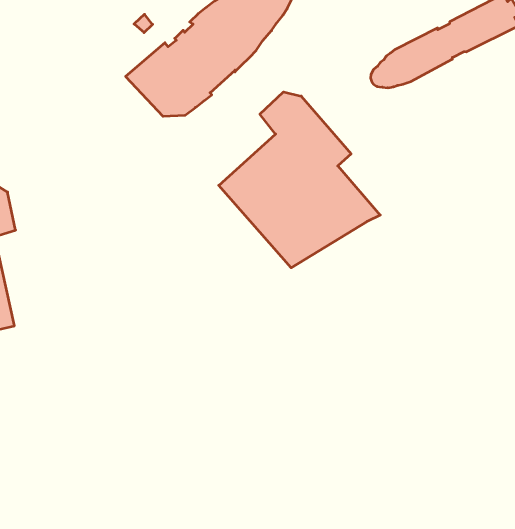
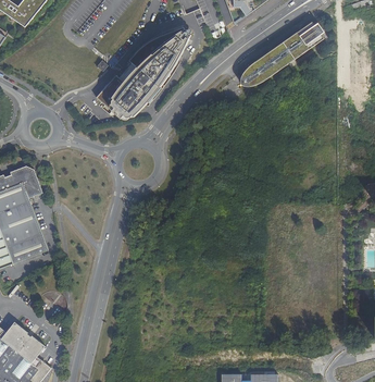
building: [219,92,380,268] -> none

